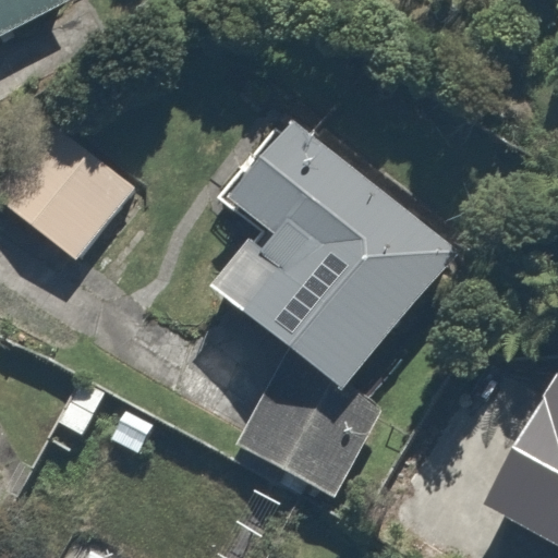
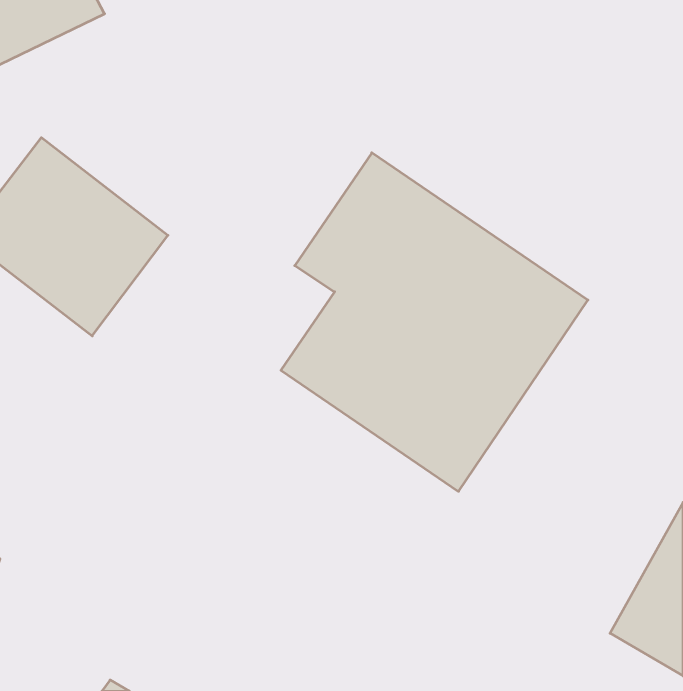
building: [222,352,376,499] -> none

